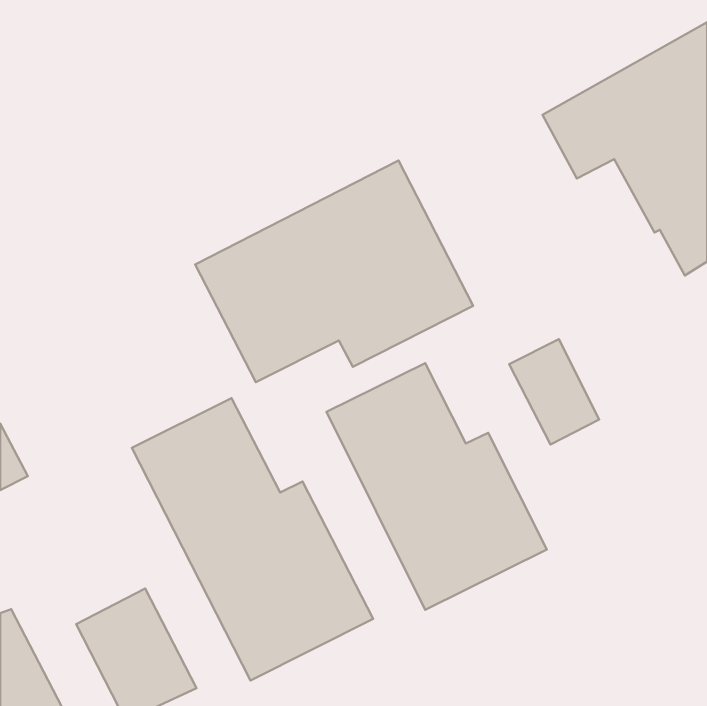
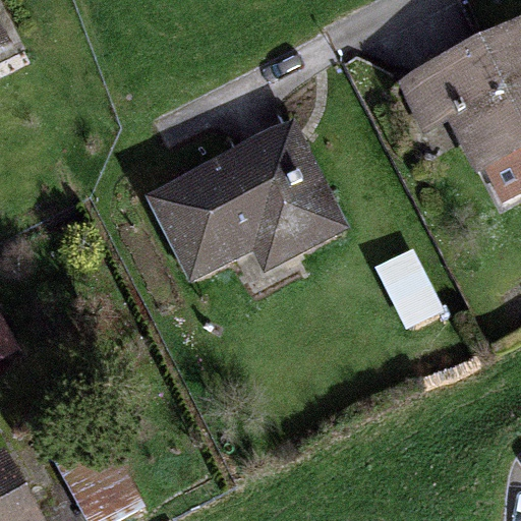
building: [326,363,547,610] -> none
building: [132,398,373,681] -> none

